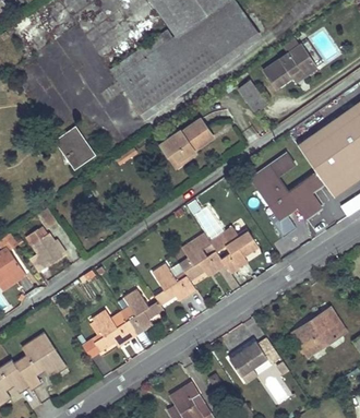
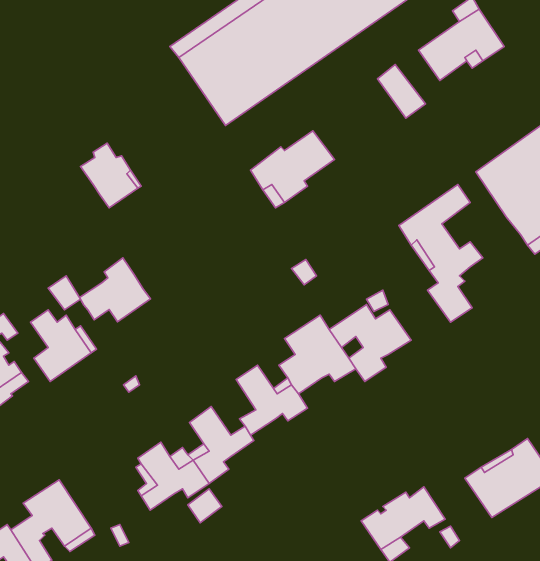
building: [295,172,325,219] -> none
building: none -> [80,258,151,322]

